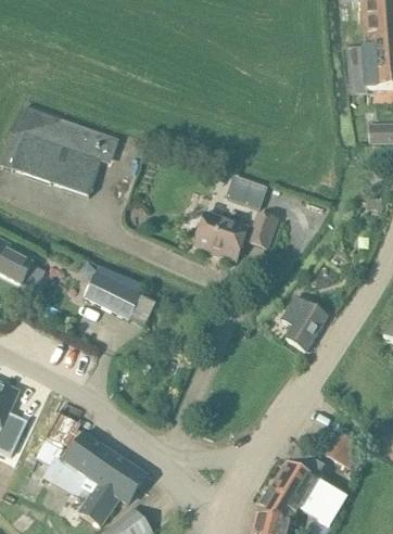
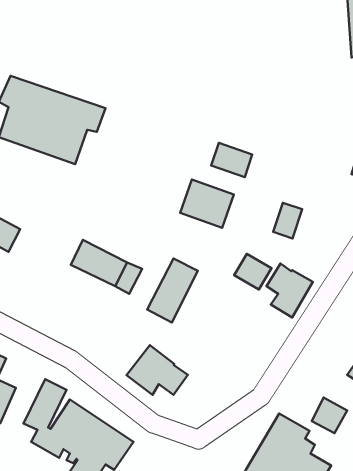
building: [248,212,277,247] -> [273,203,302,238]
building: none -> [234,254,271,289]
building: none -> [147,259,198,323]
building: none -> [127,345,188,395]

